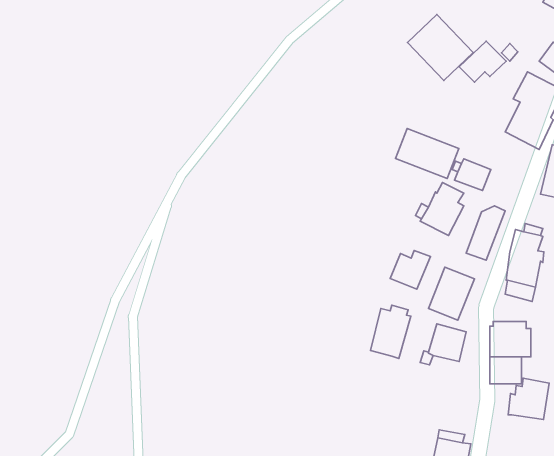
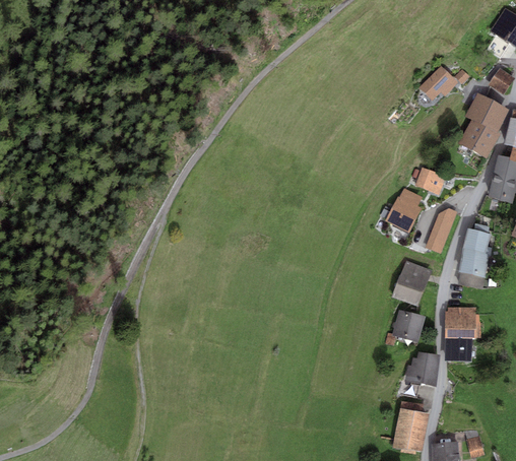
building: [407,14,473,81] -> none
building: [396,128,459,178] -> none
building: [390,251,431,289] -> none
building: [370,305,411,359] -> none
building: [508,378,549,420] -> [405,351,441,387]

